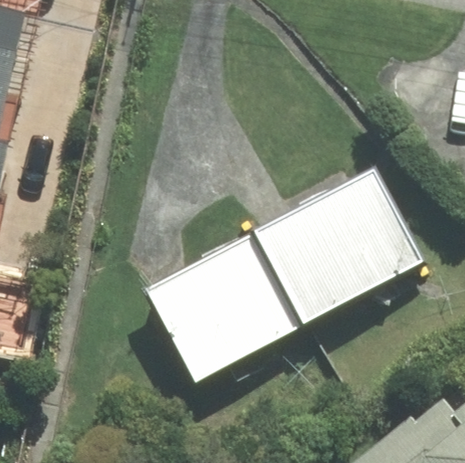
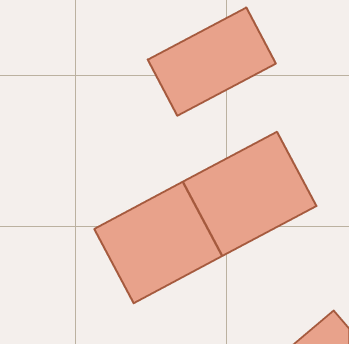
building: none -> [148,7,276,116]

